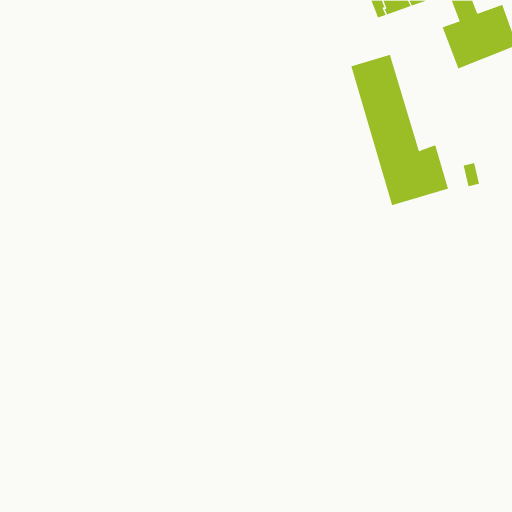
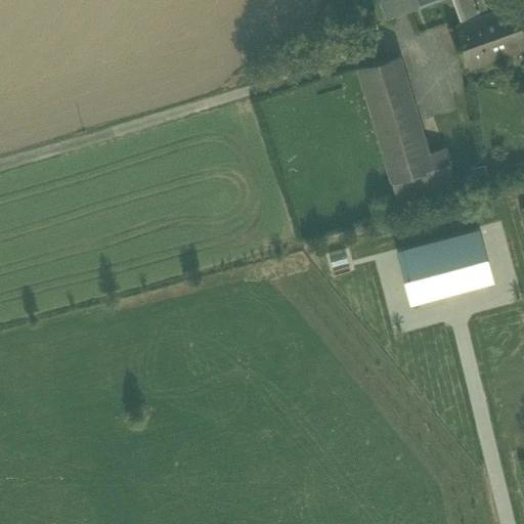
building: none -> [400,236,491,302]

